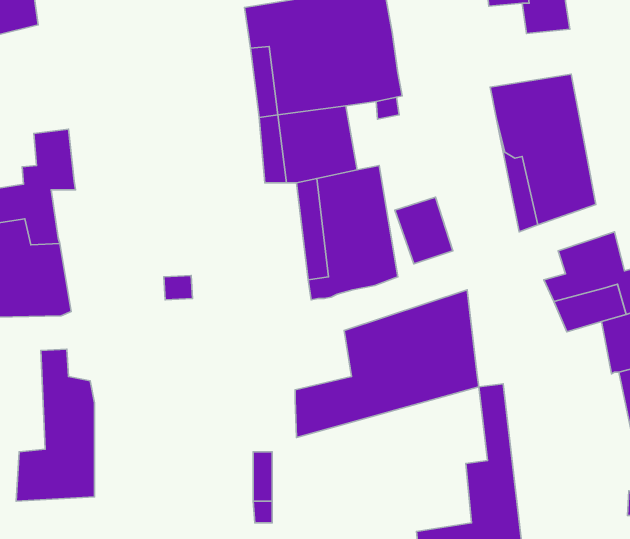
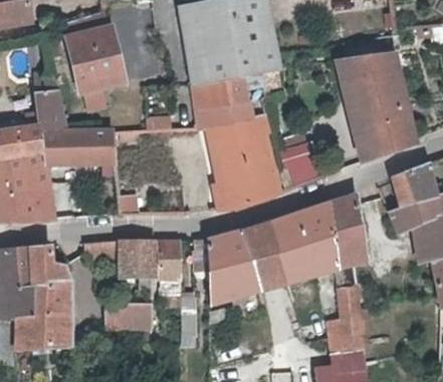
building: none -> [65,25,116,87]
building: none -> [38,131,112,166]
building: none -> [327,193,366,262]
building: none -> [207,231,247,272]
building: none -> [83,240,153,290]
building: none -> [159,240,179,294]
building: none -> [7,245,34,315]
building: none -> [103,305,152,329]

